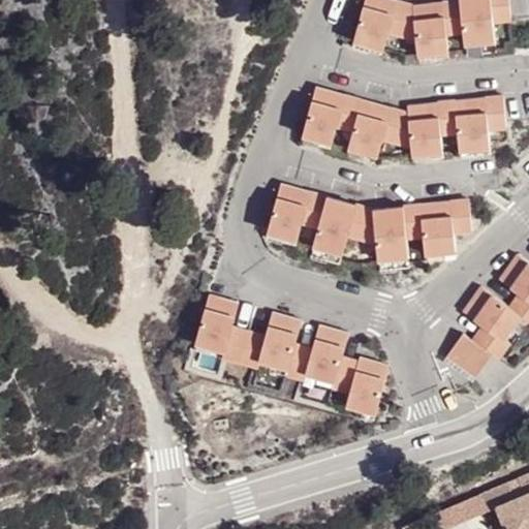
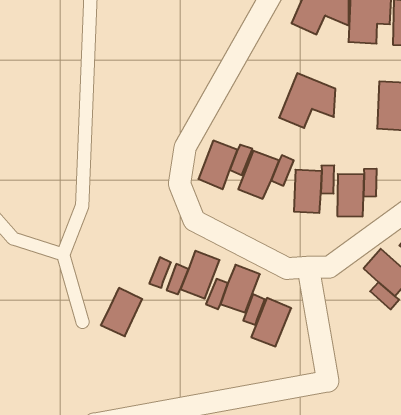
building: [301,87,360,148] -> none
building: [408,101,457,158] -> none
building: [193,295,237,349] -> [101,288,142,336]
building: [447,336,489,375] -> none

